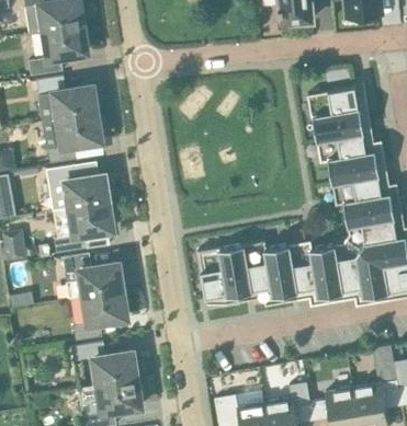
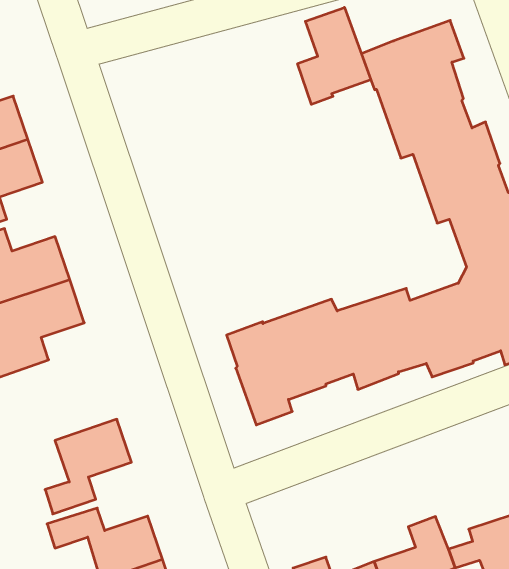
building: none -> [298,7,371,104]
building: [64,254,124,299] -> none

